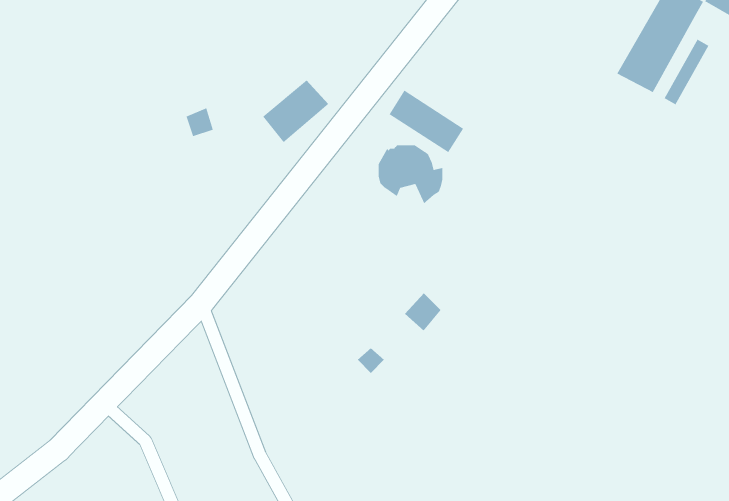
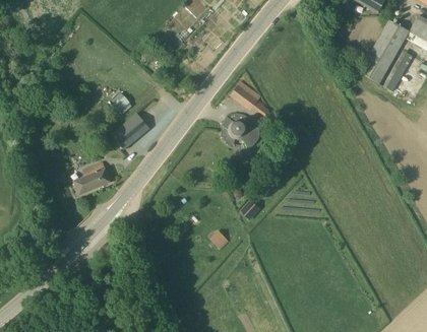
building: [262,80,329,143] -> [111,114,149,150]
building: none -> [72,160,110,195]

